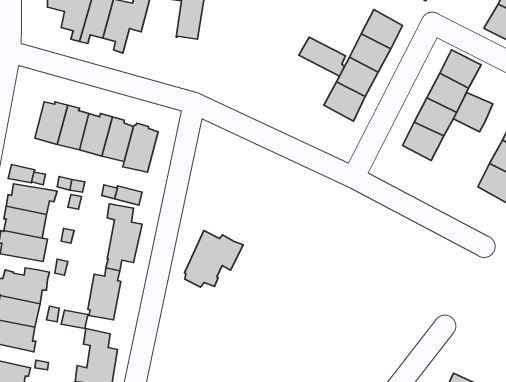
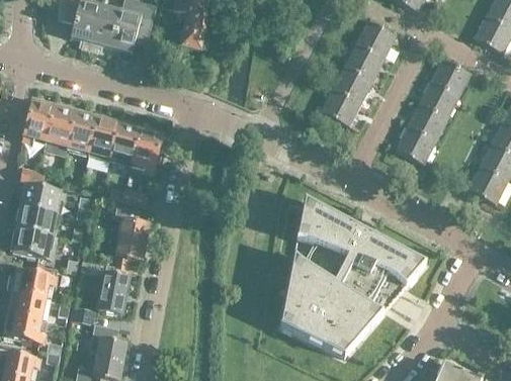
building: [299,37,345,76] -> none
building: [454,93,493,132] -> none
building: none -> [21,101,55,142]
building: none -> [279,199,425,357]
building: [185,230,243,287] -> none

